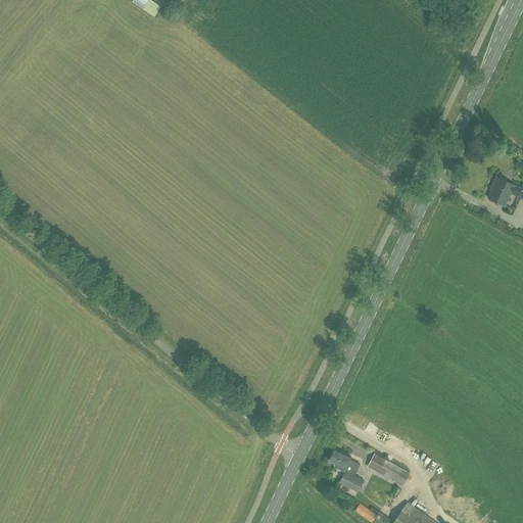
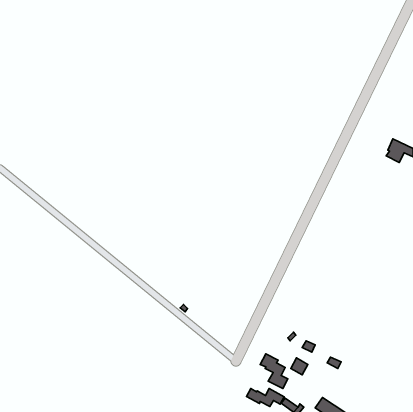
building: [382,462,411,487] -> none
building: none -> [247,388,284,406]

